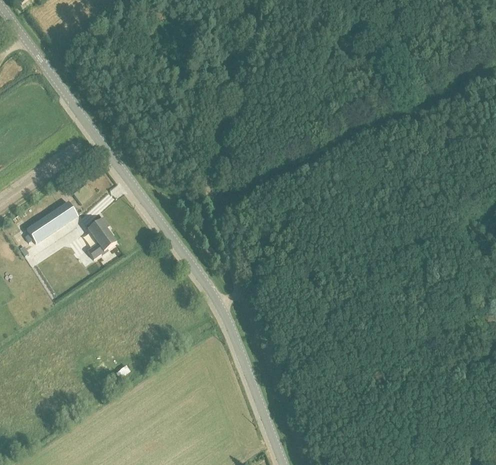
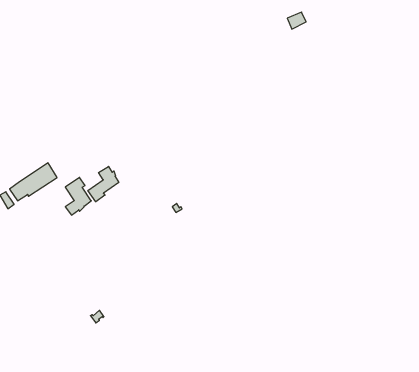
building: none -> [88,166,119,202]

